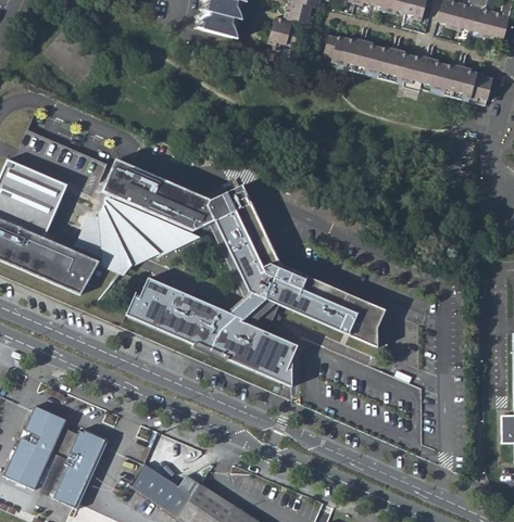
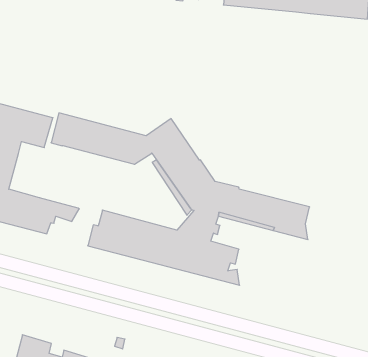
building: [77,195,193,270] -> none

